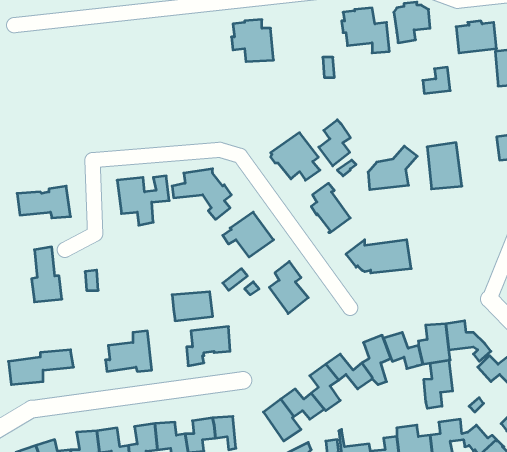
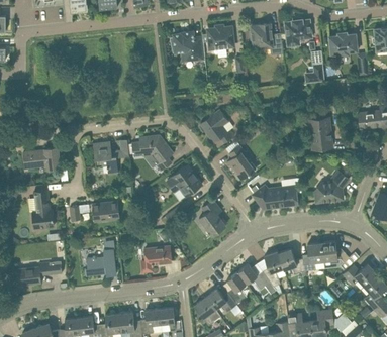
building: none -> [202,27,232,48]
building: [319,120,350,166] -> none
building: [368,146,417,190] -> [314,172,349,202]
building: [172,292,213,321] -> [91,202,119,222]
building: [424,360,453,408] -> none

